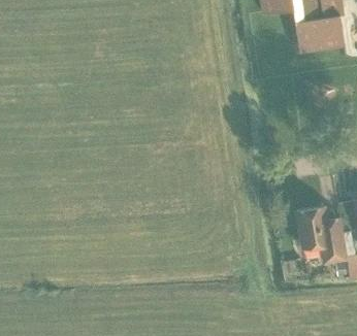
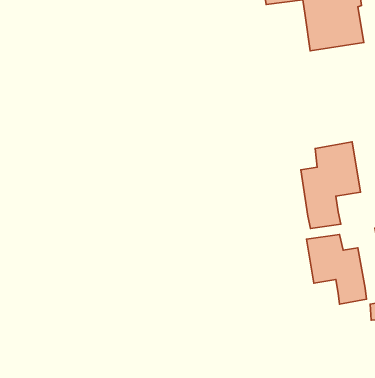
building: none -> [301,142,360,229]

